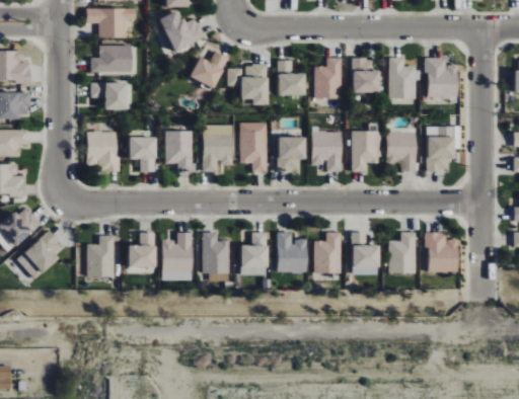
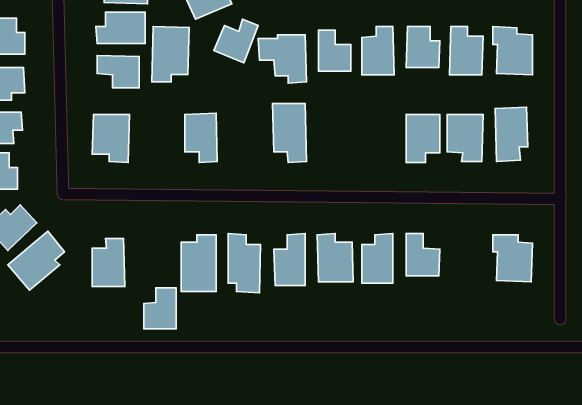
building: [202,125,233,171] -> [152,26,189,82]
building: [311,132,343,172] -> none
building: [129,137,156,171] -> none
building: [278,137,305,171] -> none
building: [388,232,416,273] -> none
building: [129,233,156,267] -> [144,288,176,329]

